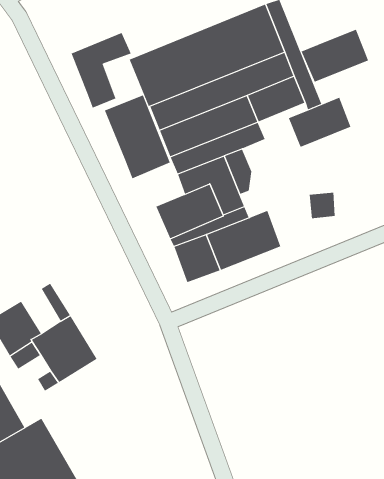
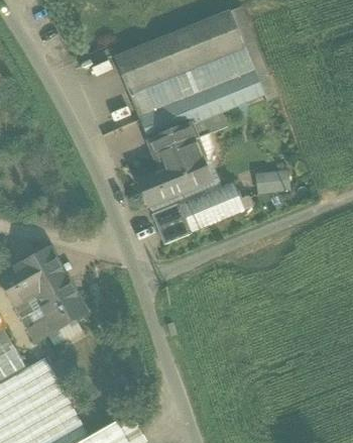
building: [301,29,369,83] -> none
building: [71,32,132,108] -> none
building: [104,94,170,179] -> none
building: [288,97,351,147] -> none
building: none -> [23,248,55,286]

